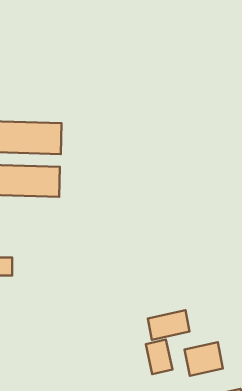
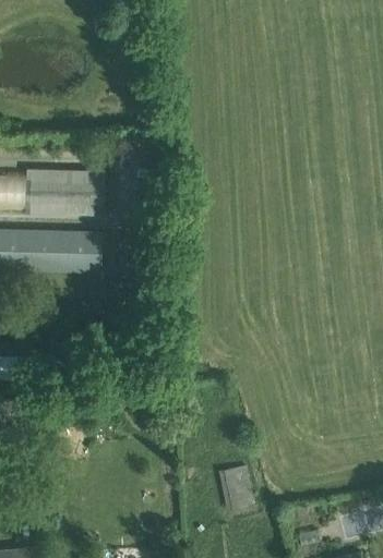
building: [148,310,189,340] -> none
building: [185,342,223,376] -> none

